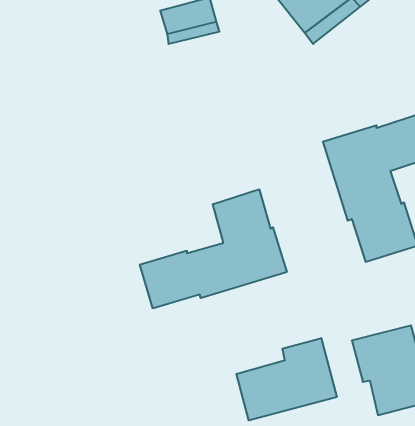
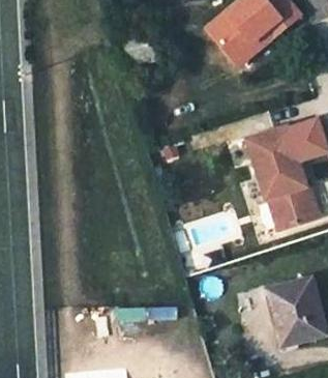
building: [140,189,287,308] -> none
building: [237,338,337,420] -> none

